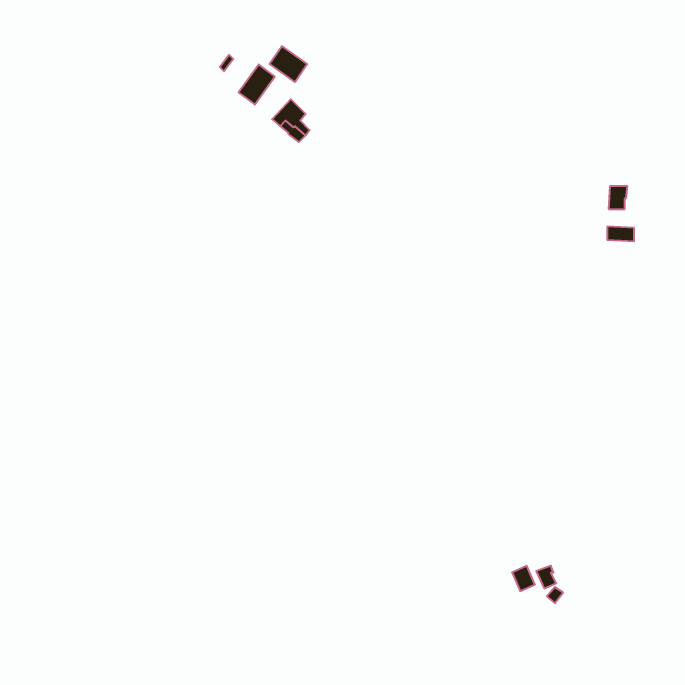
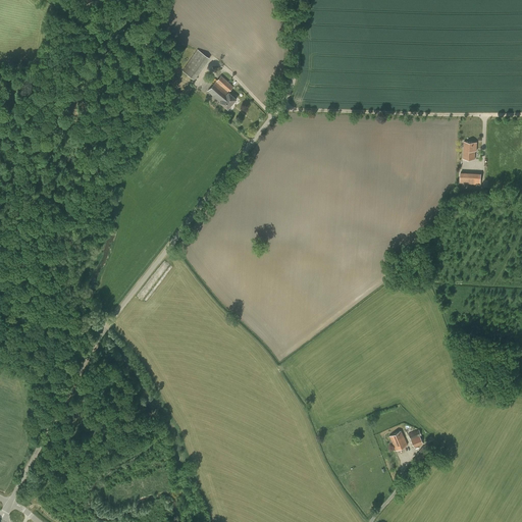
building: [270,46,307,82] -> none

